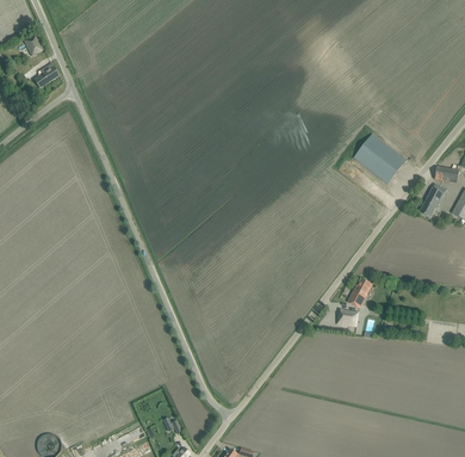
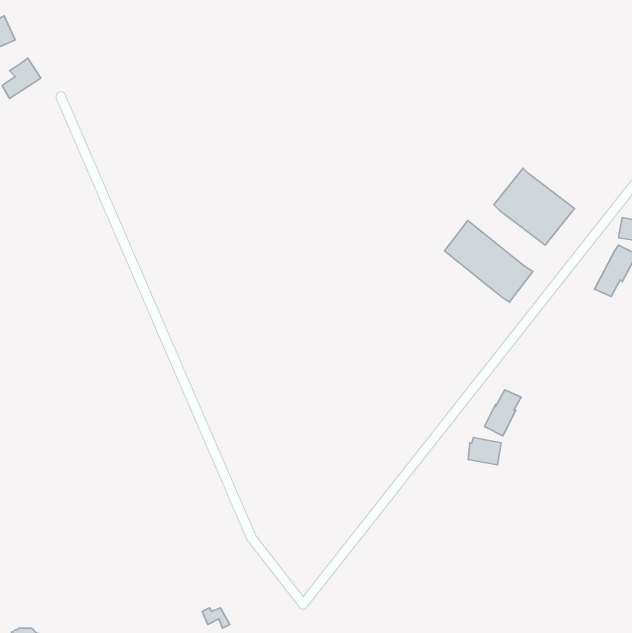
building: none -> [444,220,533,302]

